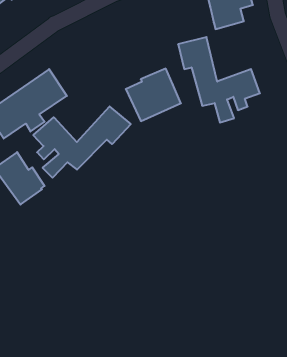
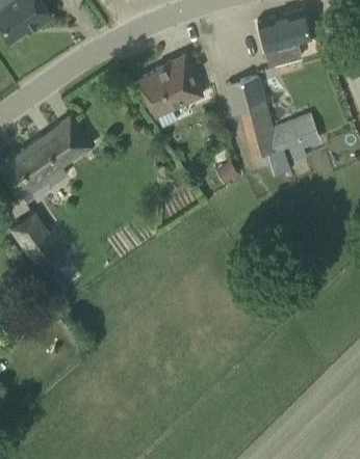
building: [126,69,181,121] -> [138,55,203,116]
building: [33,106,131,178] -> none

